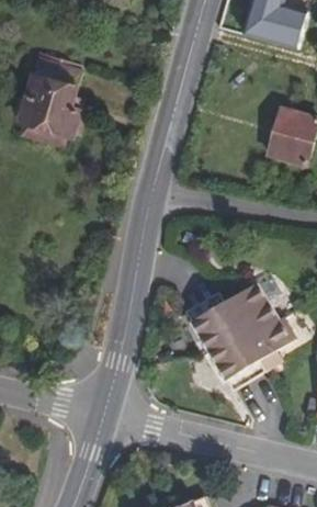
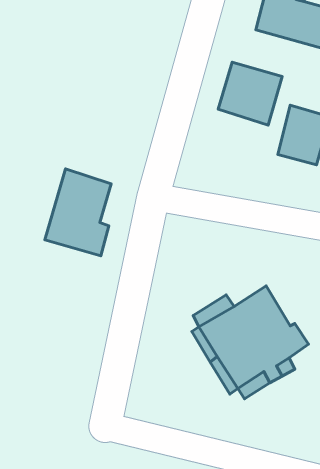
building: [19,55,82,138] -> [45,169,111,256]
building: none -> [218,62,282,125]

